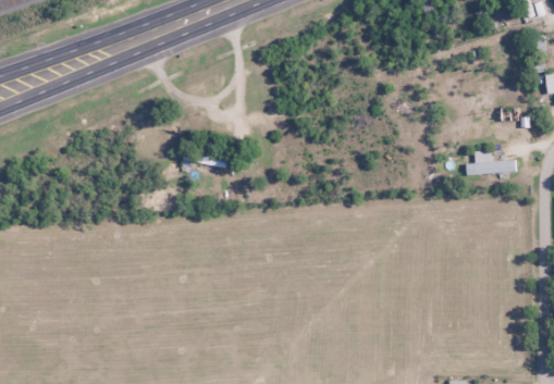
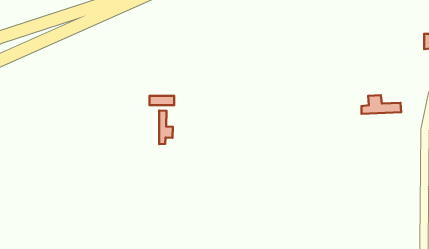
building: none -> [159,110,173,144]

